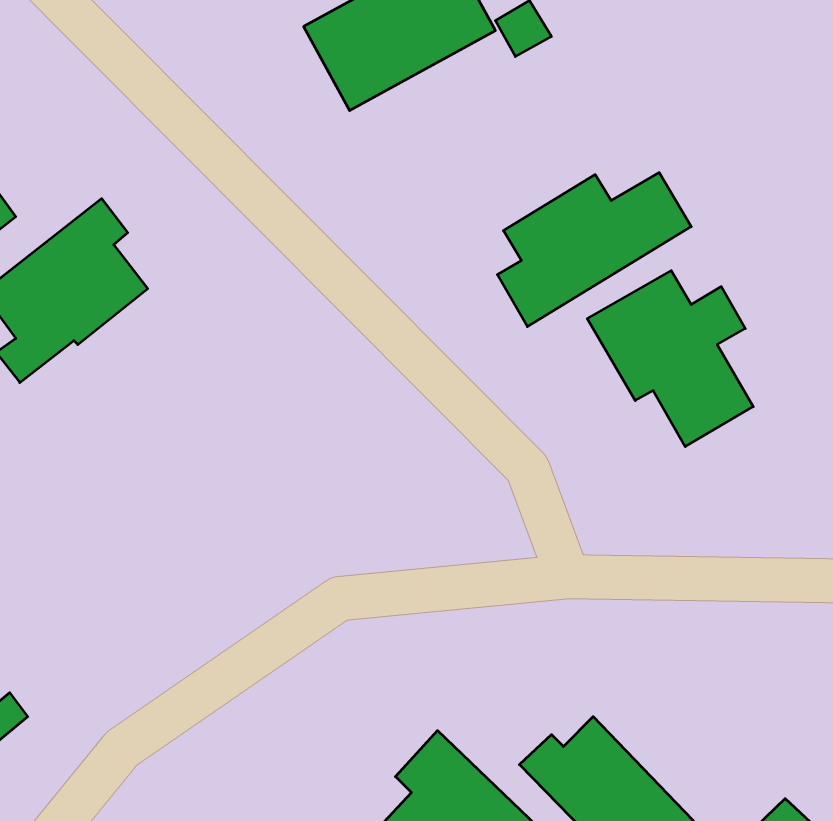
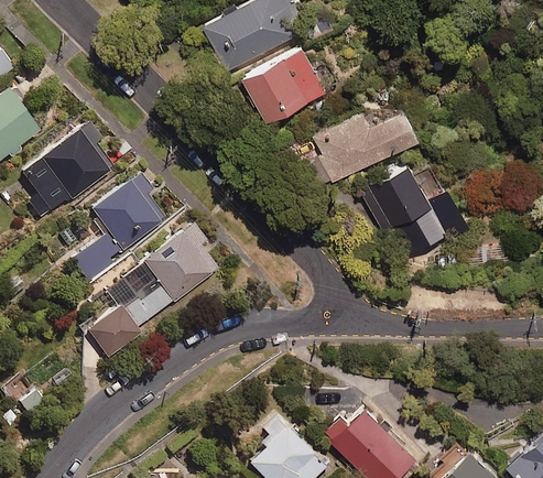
building: none -> [241,45,325,124]
building: none -> [74,170,169,285]
building: none -> [89,222,220,358]

